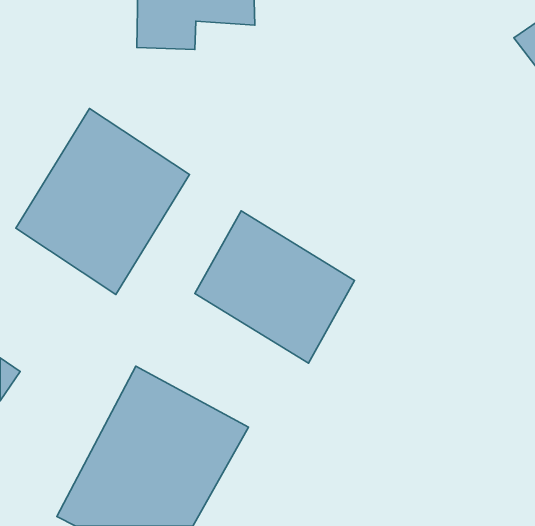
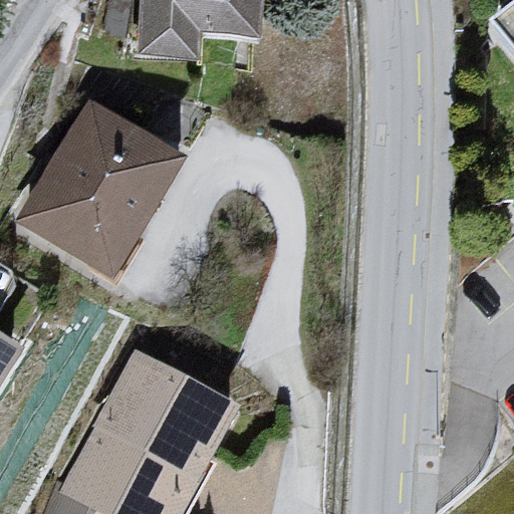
building: [195,211,355,363] -> none

